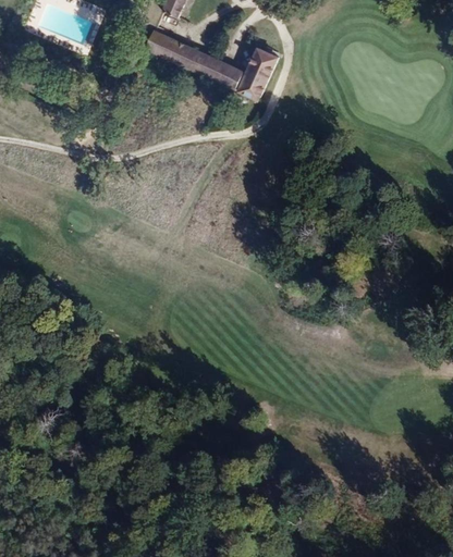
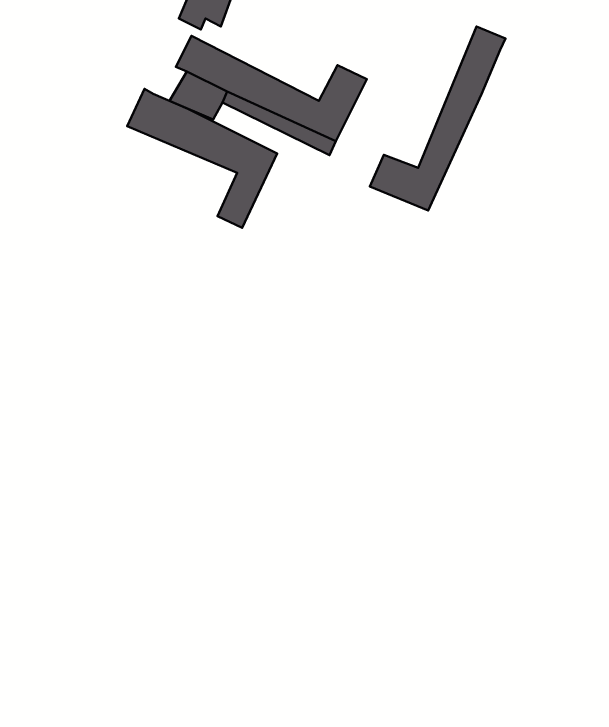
building: none -> [370,26,506,211]
building: none -> [127,89,277,228]

